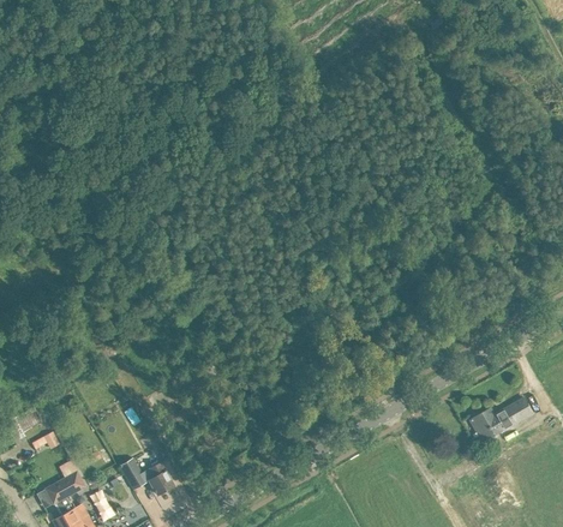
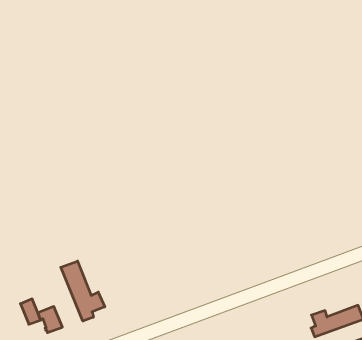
building: none -> [61,261,105,321]

